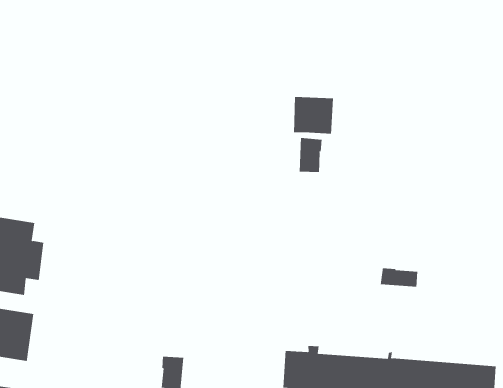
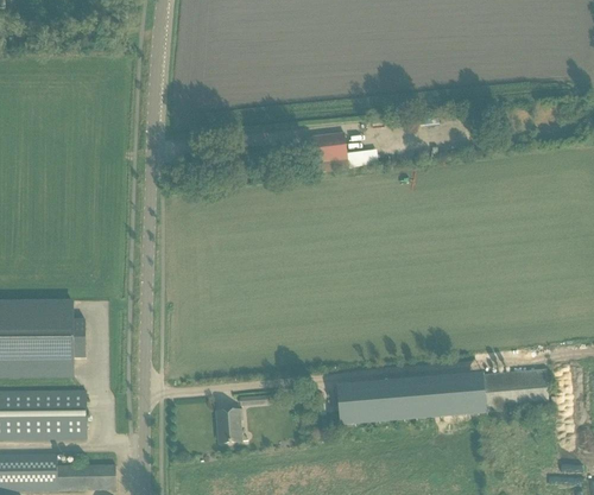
building: [299,137,322,173] -> none
building: [380,267,418,288] -> none

